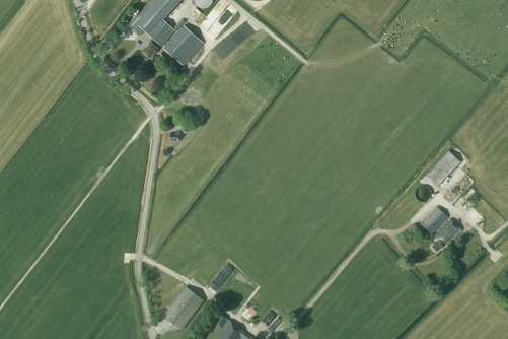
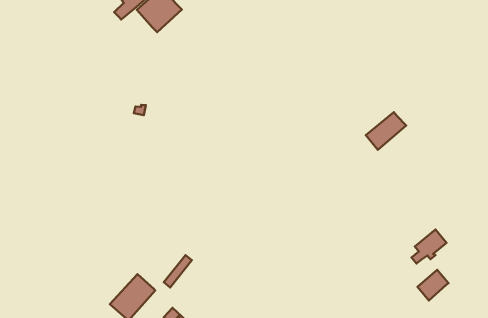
building: [426,149,461,185] -> [366,112,406,150]
building: [421,206,448,234] -> [418,270,448,300]

